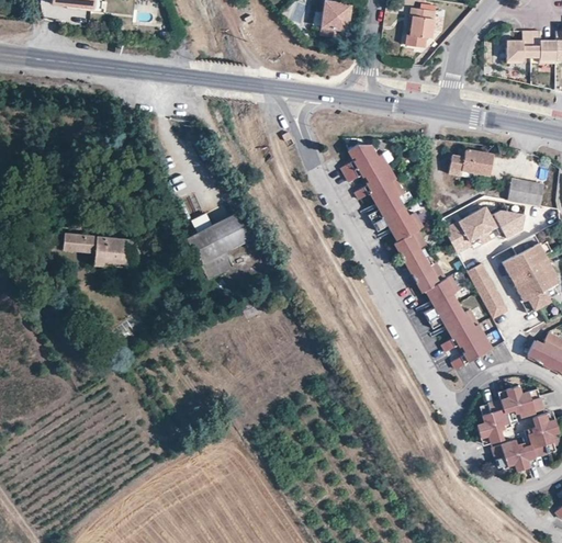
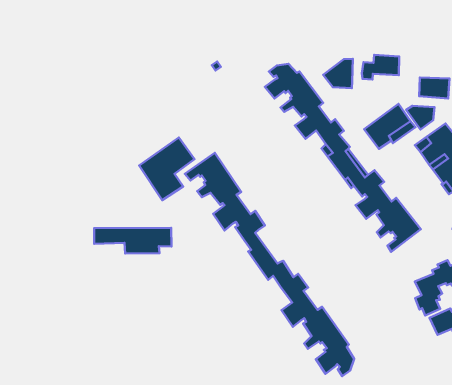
building: none -> [323,59,353,88]
building: [64,231,151,269] -> [94,228,172,254]
building: none -> [185,153,354,376]
building: [468,263,508,319] -> none

